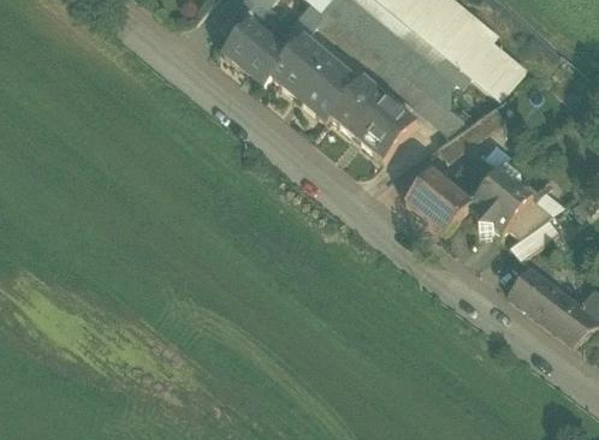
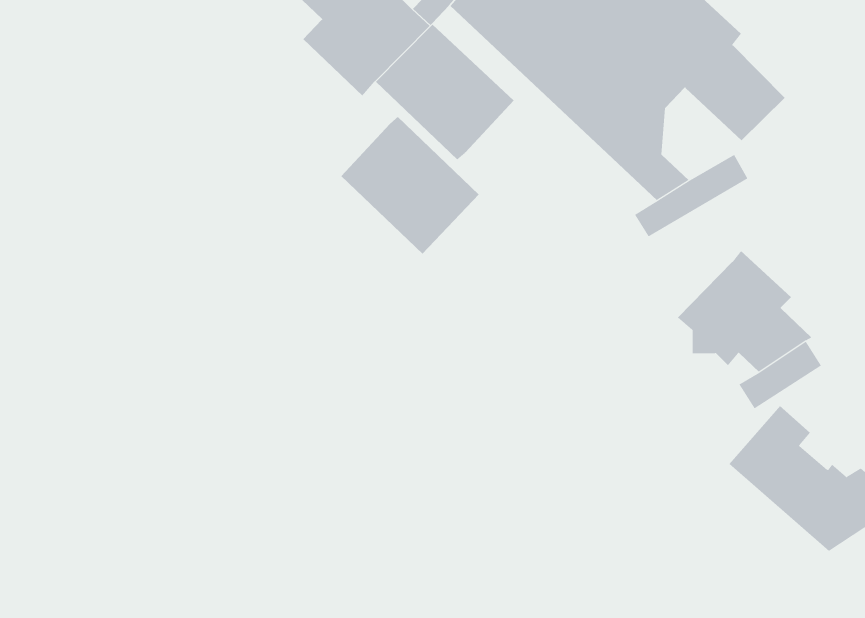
building: [330,77,416,161] -> [341,116,480,255]
building: [404,155,499,236] -> none

